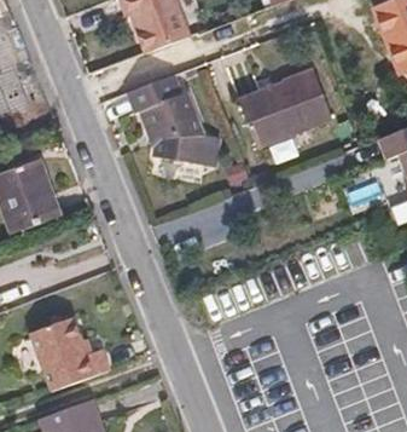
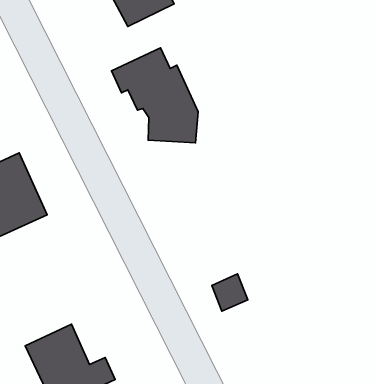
building: [240,74,332,148] -> none

